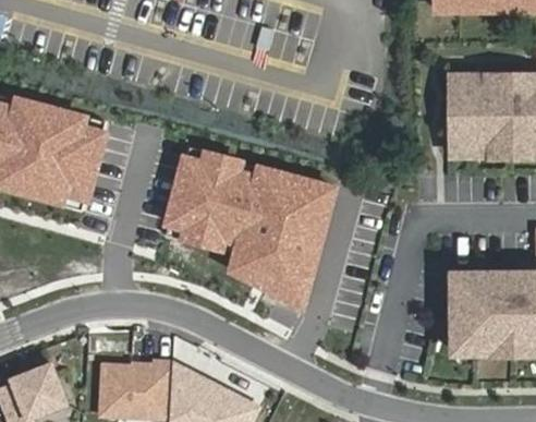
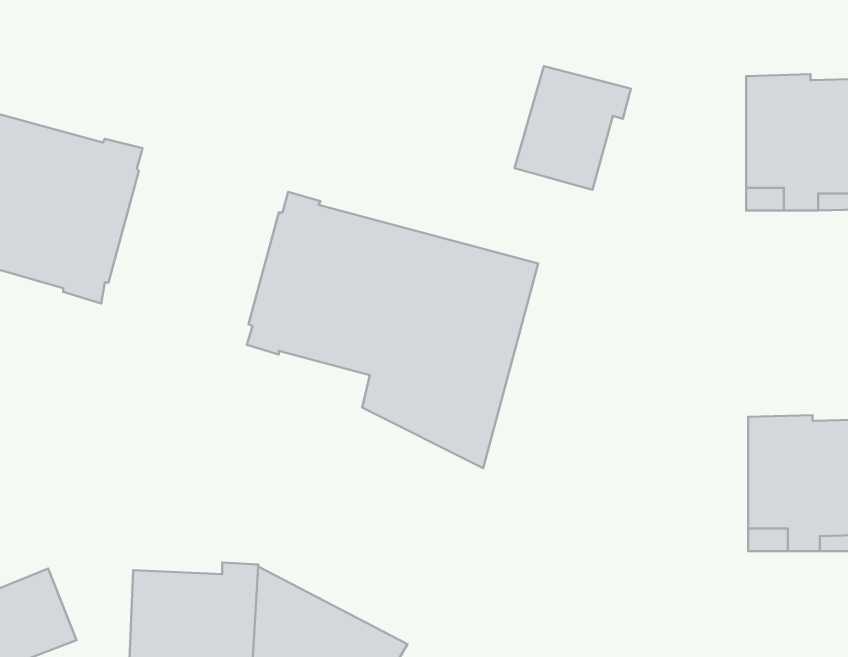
building: none -> [514,66,631,190]

